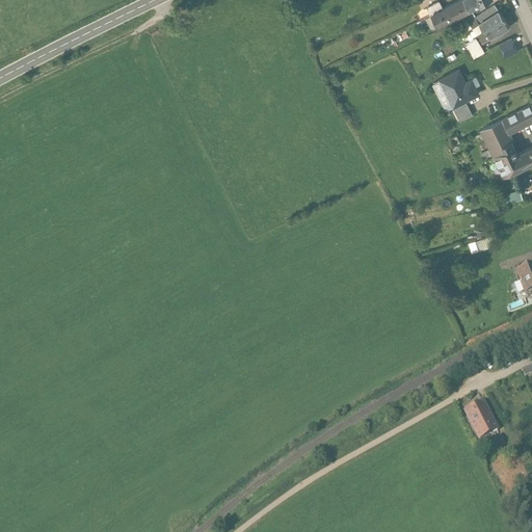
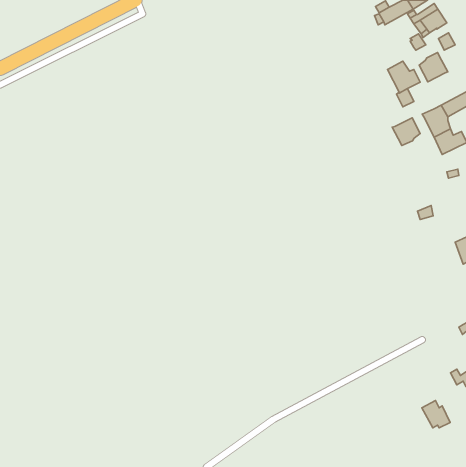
building: none -> [419,53,448,82]
building: none -> [392,118,420,146]
building: [467,407,499,438] -> [422,400,450,428]

